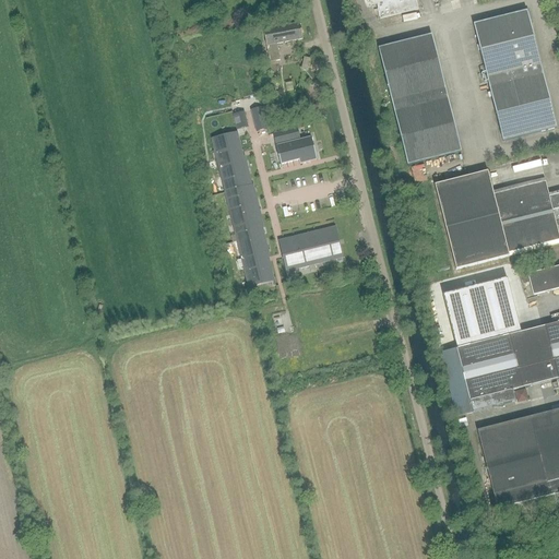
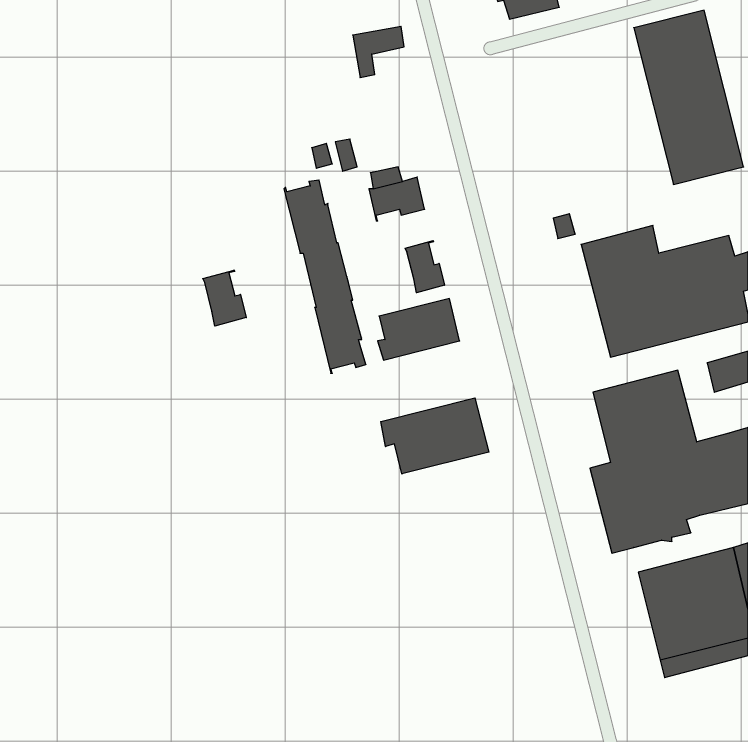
building: [378,32,460,162] -> none
building: none -> [405,241,444,293]
building: none -> [203,270,246,326]
building: none -> [381,398,489,474]

